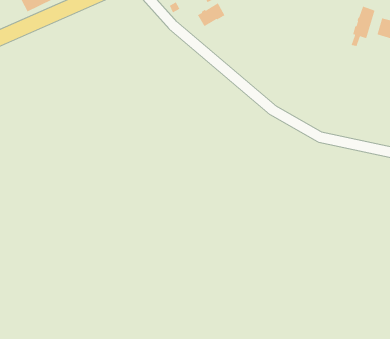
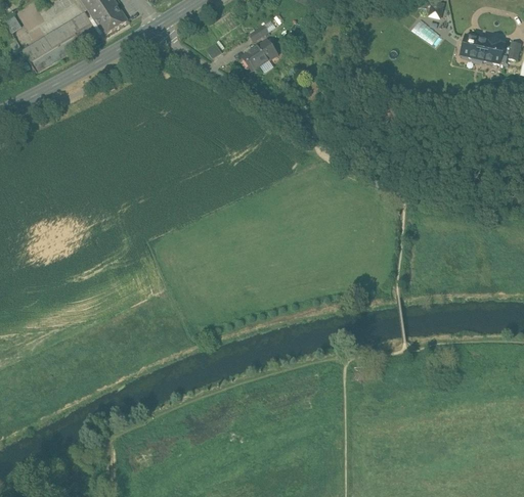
building: [351,6,376,47] -> none

